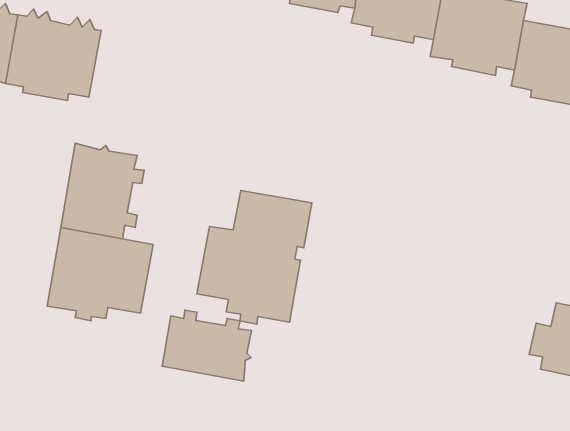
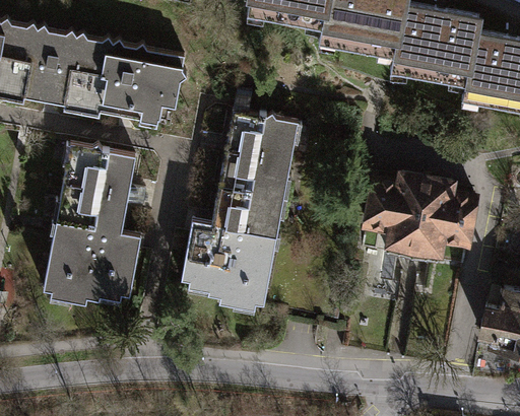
building: none -> [83,37,189,119]
building: none -> [220,109,299,197]
building: none -> [367,175,475,263]
building: [162,310,251,381] -> none

